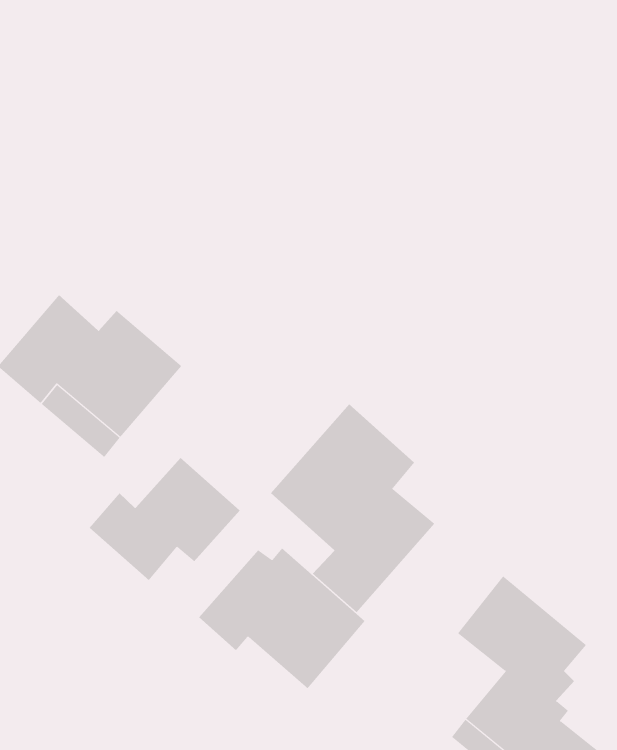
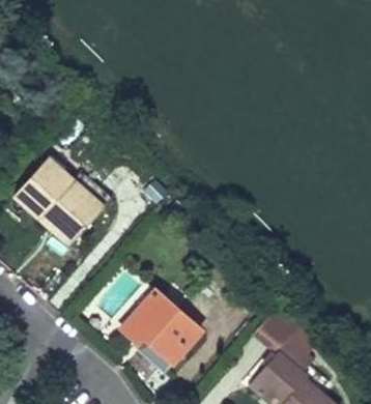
building: [270,404,435,613] -> none
building: [89,457,241,581] -> none

